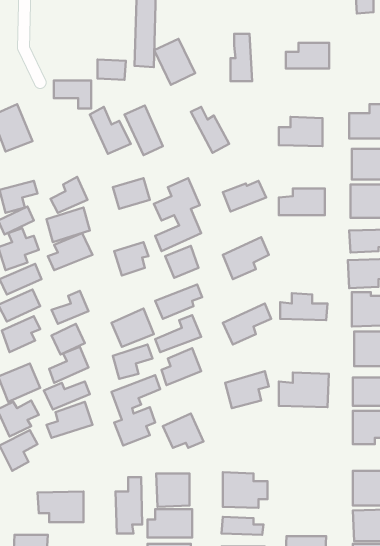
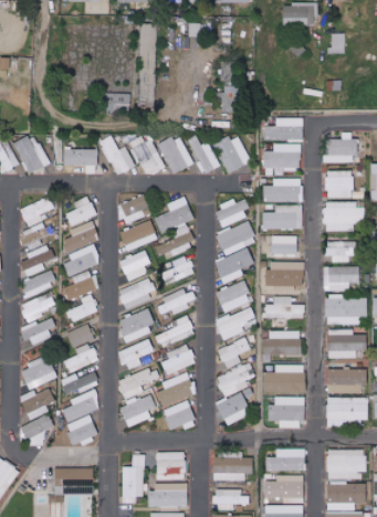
building: [154,39,195,85] -> [157,135,192,175]
building: [286,43,329,68] -> [264,118,302,140]
building: [54,80,91,109] -> [64,149,96,173]
building: none -> [213,135,250,173]
building: none -> [262,178,301,202]
building: none -> [119,222,156,250]
building: none -> [216,222,255,254]
building: none -> [271,235,296,255]
building: none -> [266,262,304,291]
building: none -> [63,268,97,300]
building: none -> [117,277,156,308]
building: none -> [216,282,251,312]
building: none -> [264,330,300,355]
building: none -> [217,338,250,368]
building: none -> [156,372,197,407]
building: none -> [216,392,248,423]
building: none -> [268,397,303,429]
building: none -> [64,414,97,446]
building: none -> [265,450,305,471]
building: none -> [264,475,303,504]

